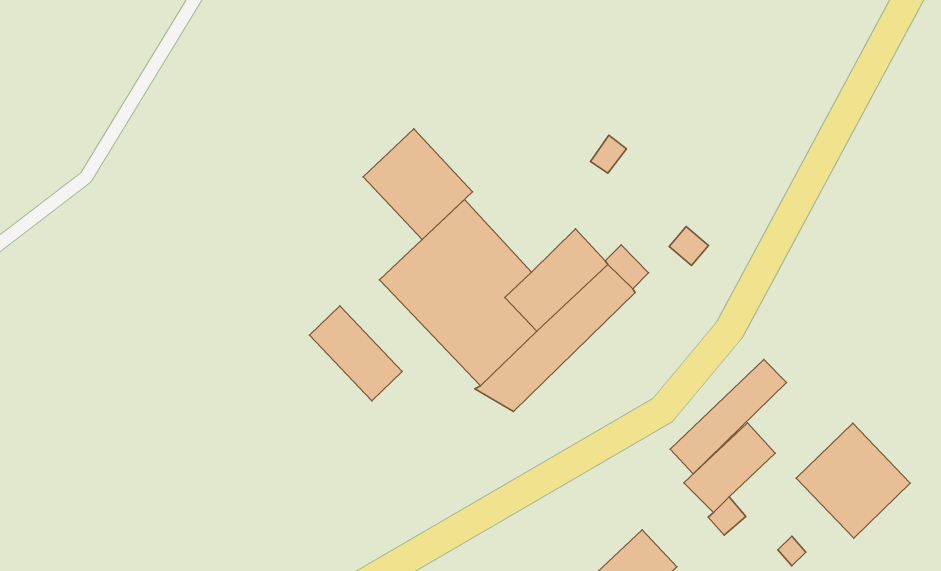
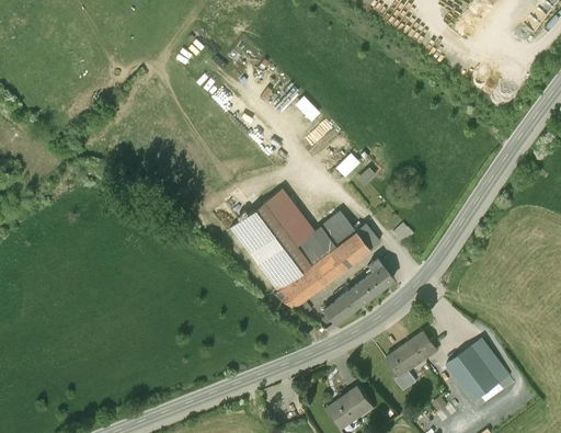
building: [363,129,472,240] -> none
building: [309,306,402,401] -> none
building: [670,360,787,474] -> [324,266,393,324]

